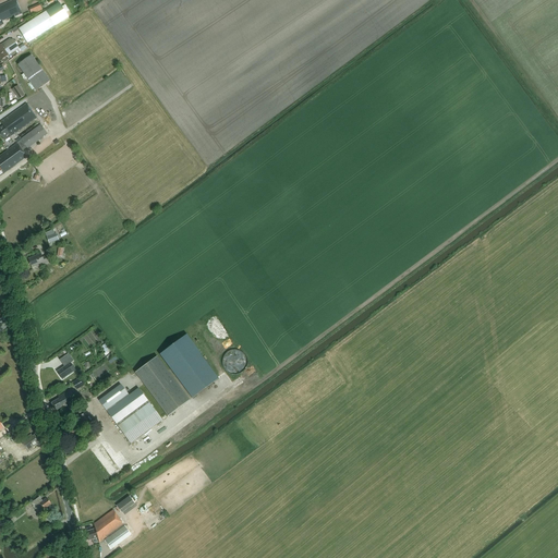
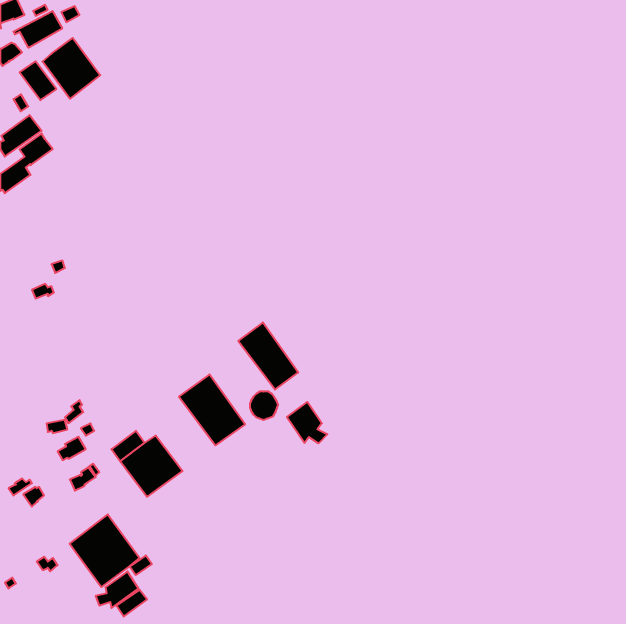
building: none -> [42,38,100,99]
building: [135,355,189,415] -> [238,322,298,390]
building: none -> [287,402,327,443]
building: none -> [70,514,139,587]

